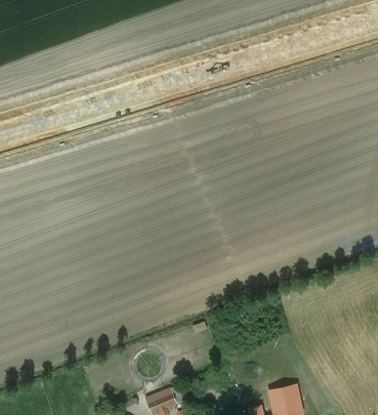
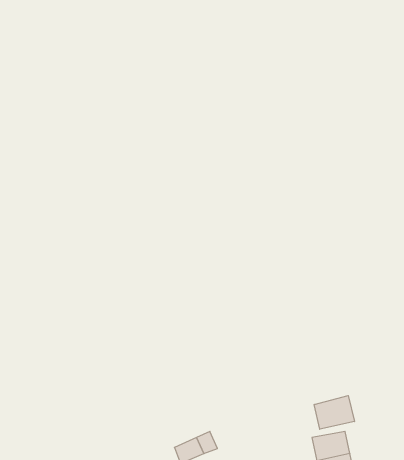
building: none -> [314,396,354,429]

